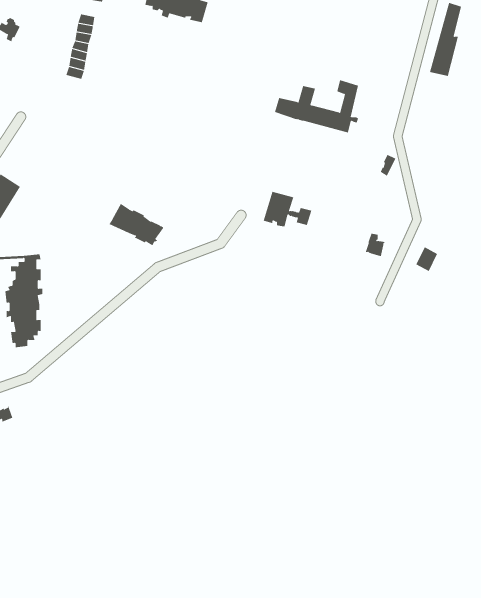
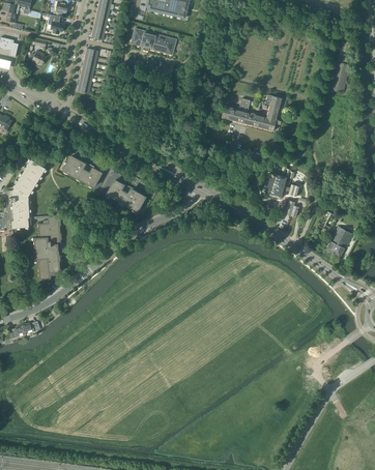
building: none -> [64,155,102,185]
building: [263,191,312,227] -> [265,172,299,197]
building: none -> [325,226,352,257]

